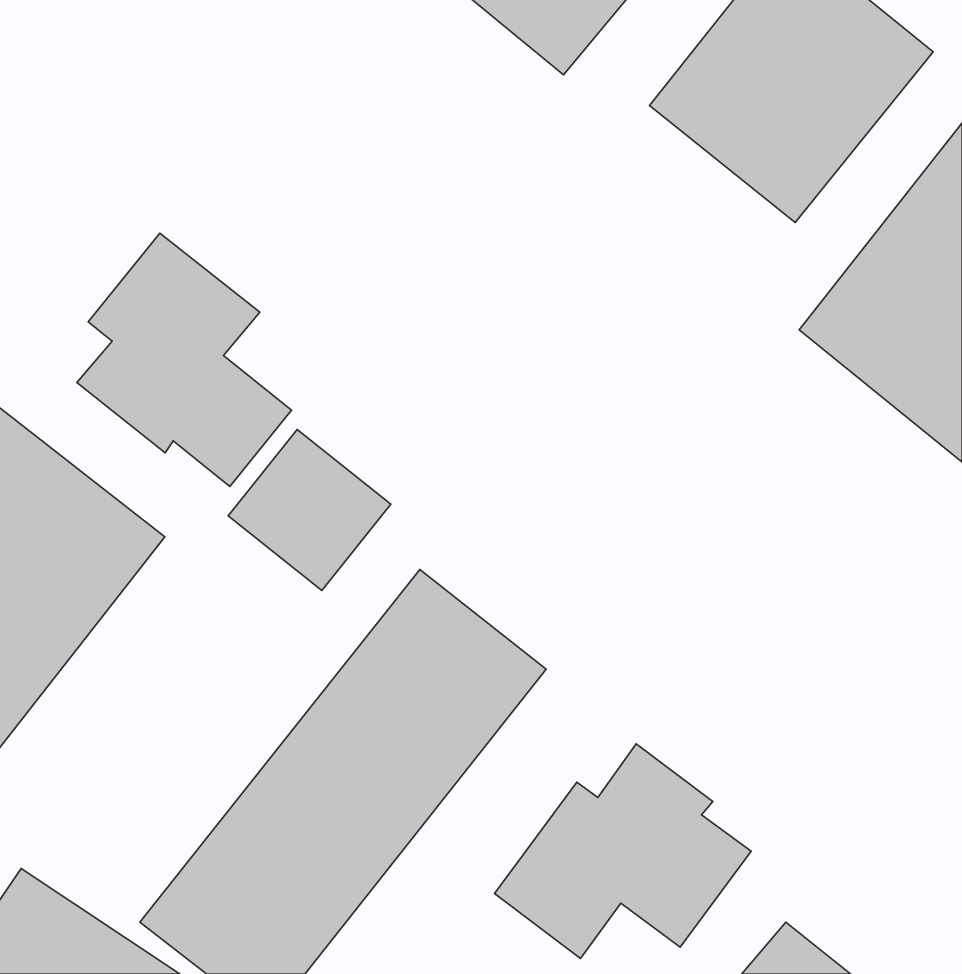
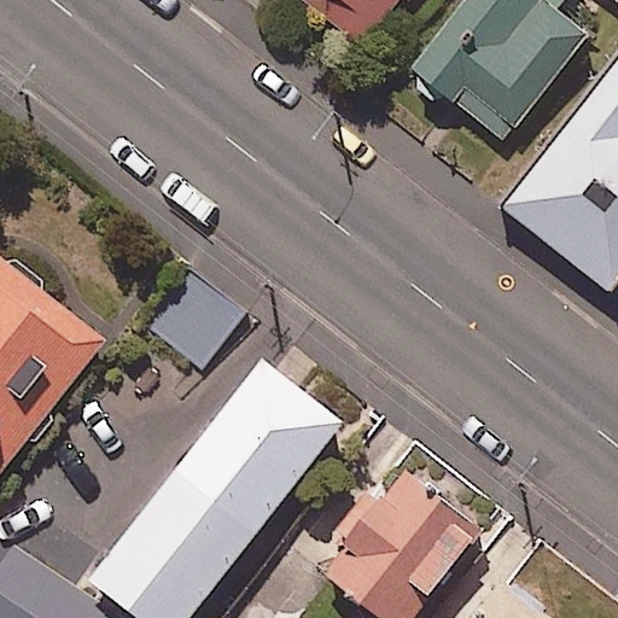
building: [77,233,292,486] -> none

